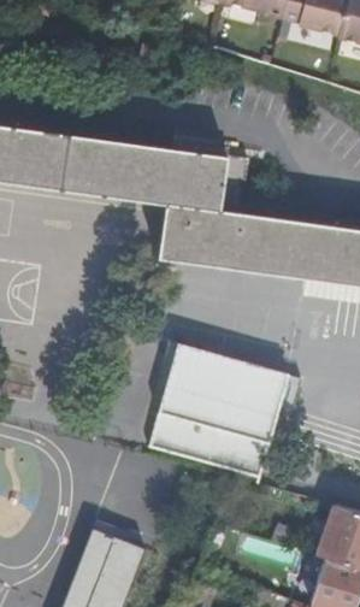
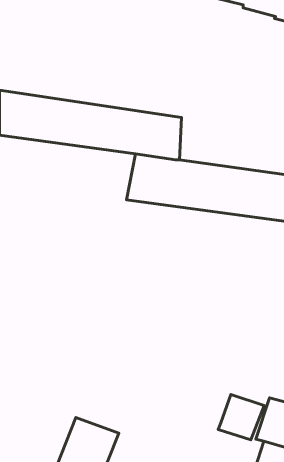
building: [141,341,287,476] -> none
building: none -> [218,395,264,440]

